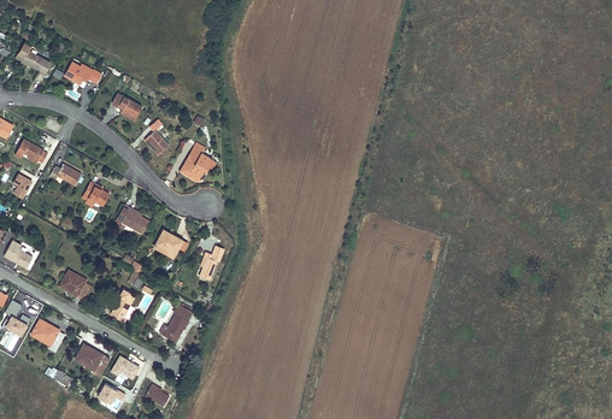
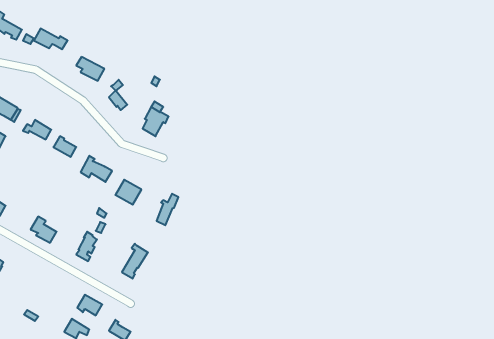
building: [31,319,65,352] -> none
building: [78,346,112,377] -> none

